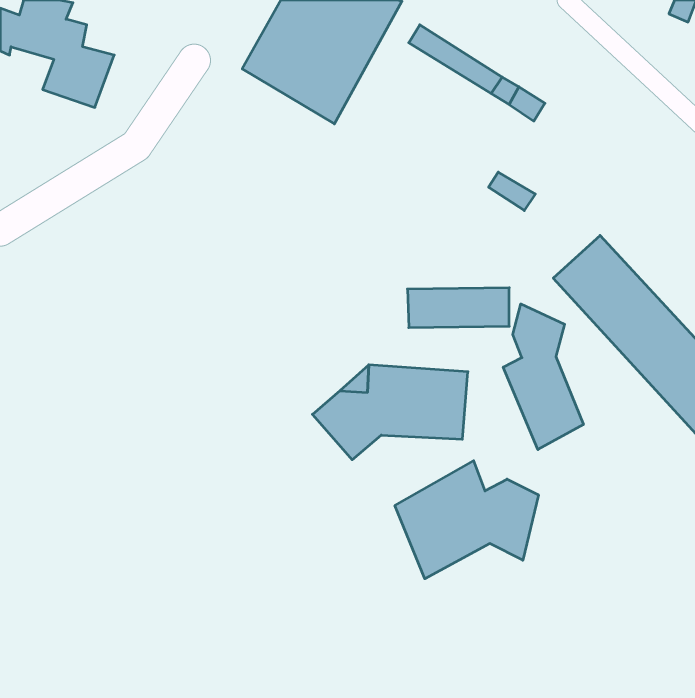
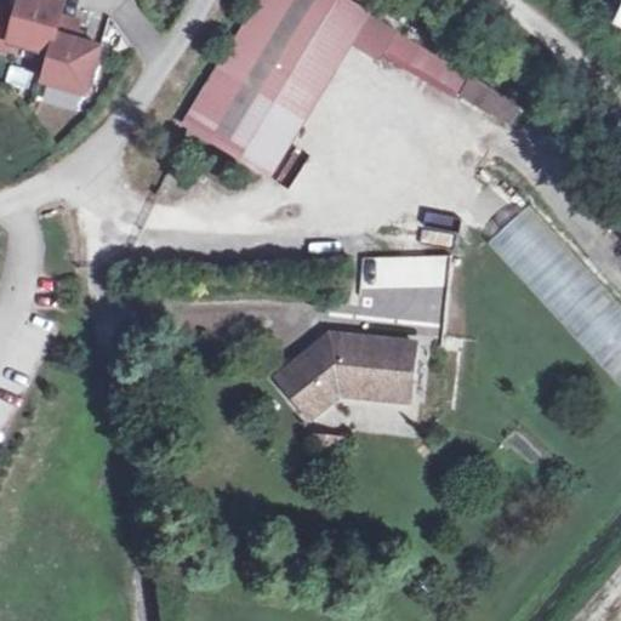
building: none -> [188,65,302,167]
building: [503,304,583,450] -> none
building: [395,461,538,579] -> none

